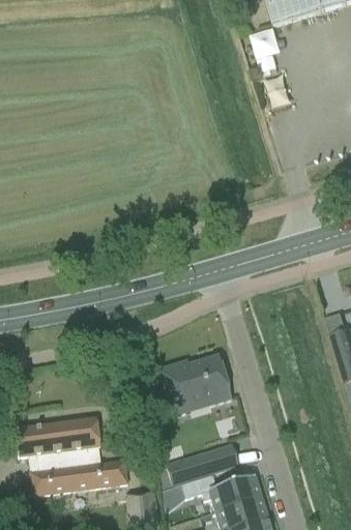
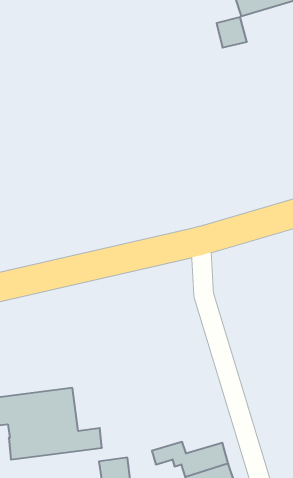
building: [157,356,232,418] -> none
building: [165,442,238,484] -> none

